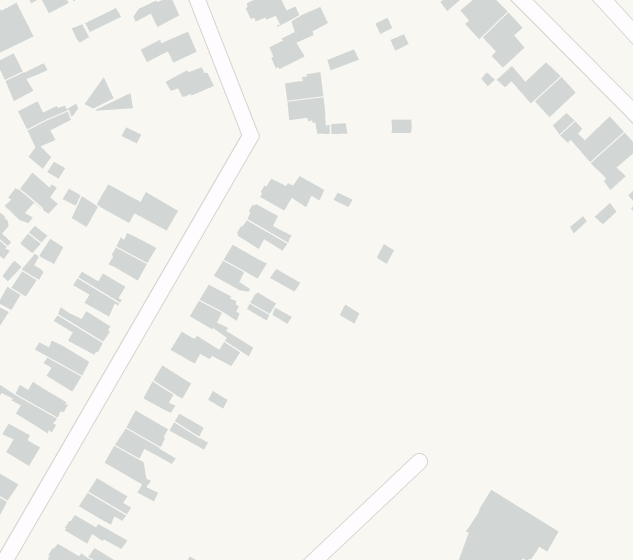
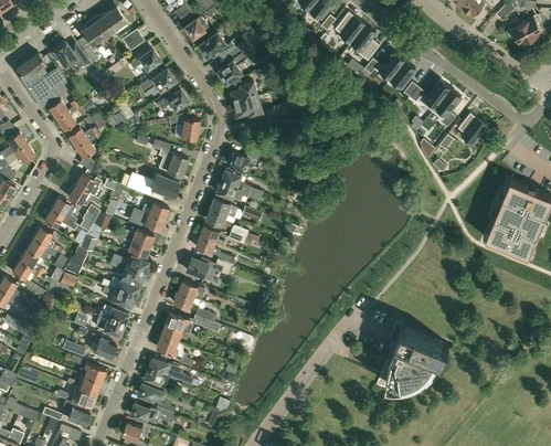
building: none -> [169,114,199,139]
building: none -> [151,139,188,177]

